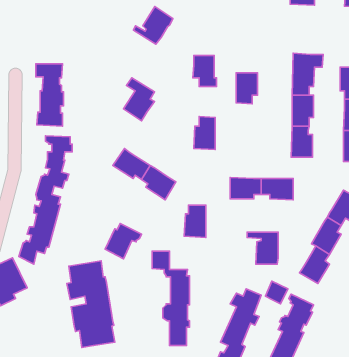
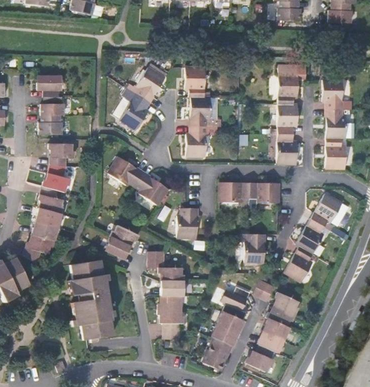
building: [133,7,173,44] -> [127,67,164,102]
building: [236,73,257,104] -> [190,97,210,126]

